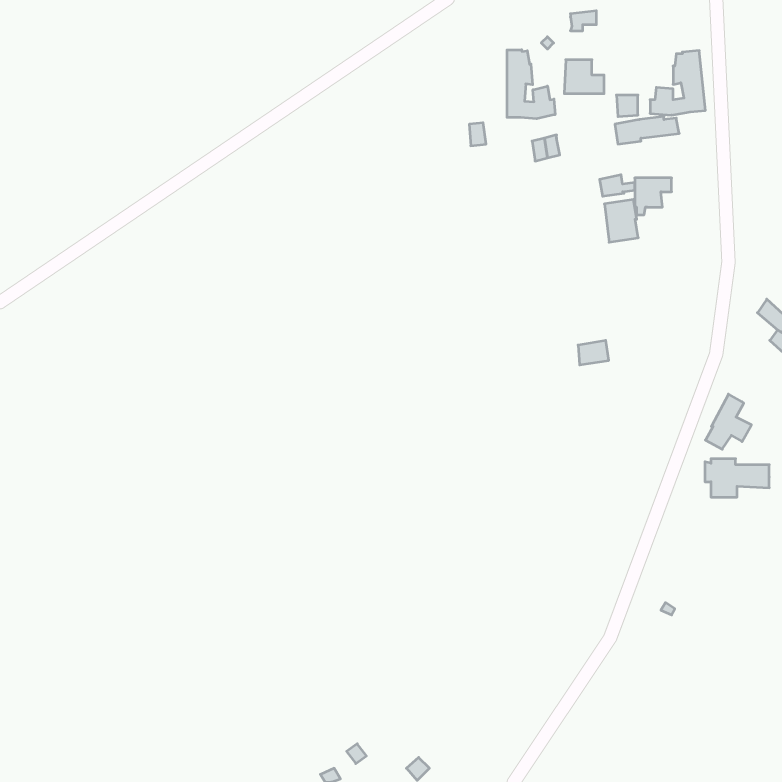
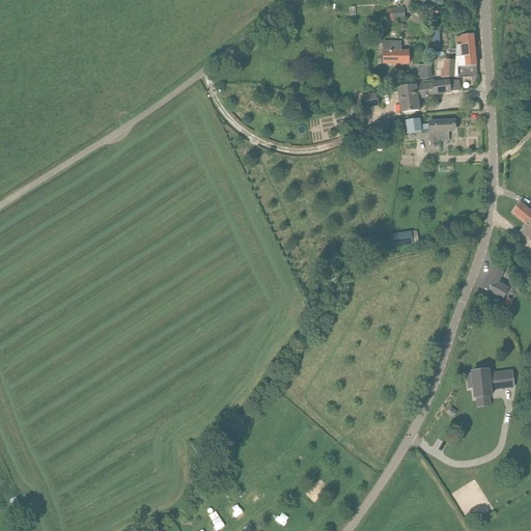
building: [507,50,555,119] -> none
building: [604,199,638,242] -> [397,84,420,113]
building: [705,459,769,497] -> [469,362,512,388]

